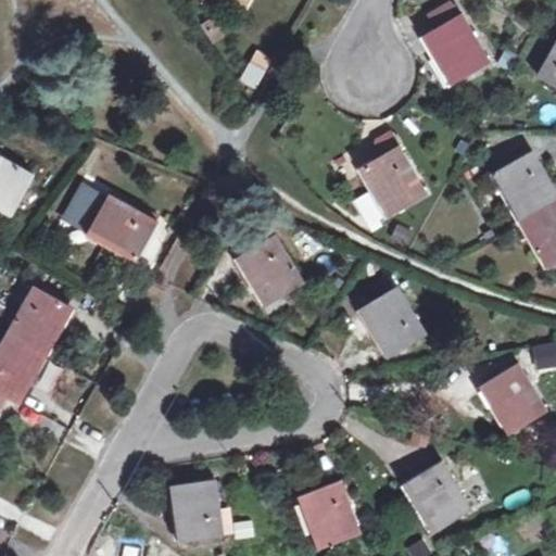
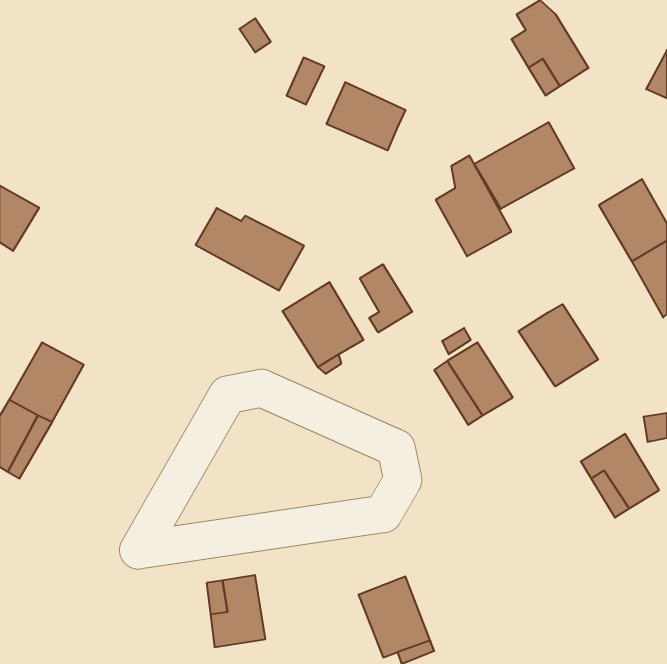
building: none -> [327,82,405,150]
building: none -> [474,122,574,209]
building: [66,189,156,257] -> [196,208,304,290]
building: none -> [360,264,412,332]
building: none -> [518,304,598,386]
building: [406,464,471,530] -> none

